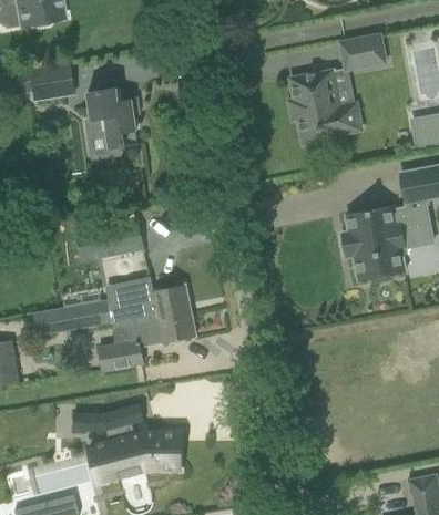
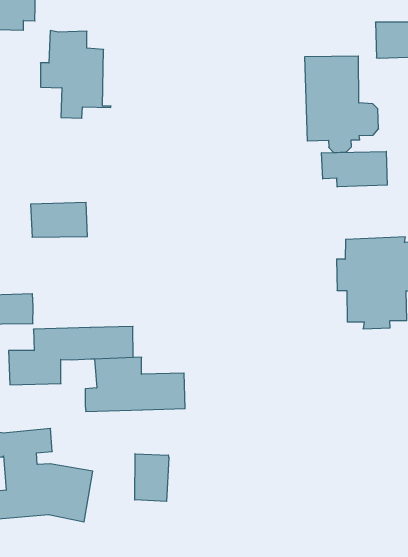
building: none -> [322,151,387,187]
building: [110,277,191,327] -> [85,357,185,411]
building: none -> [135,454,169,501]

